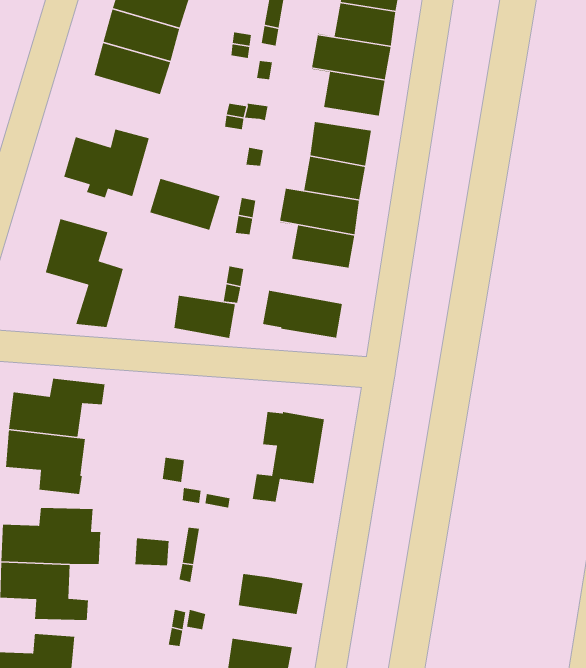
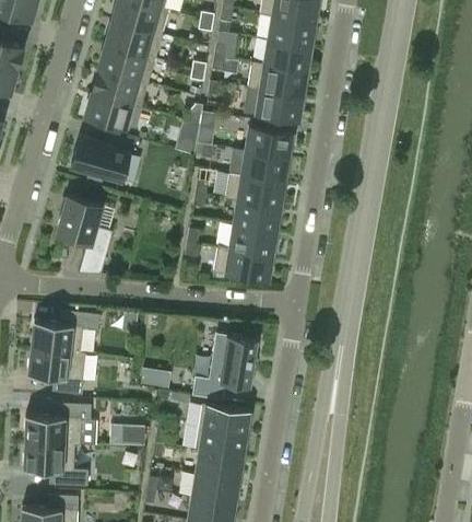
building: [149,178,227,231] -> [84,93,140,131]
building: [155,295,236,339] -> [217,225,275,257]
building: none -> [196,404,250,459]
building: none -> [191,475,238,504]

